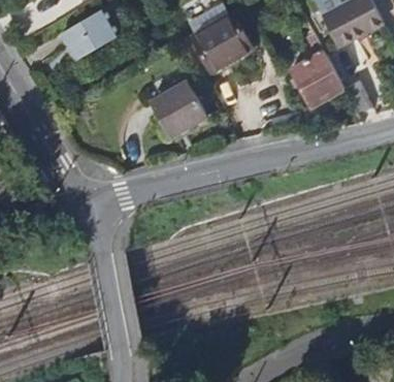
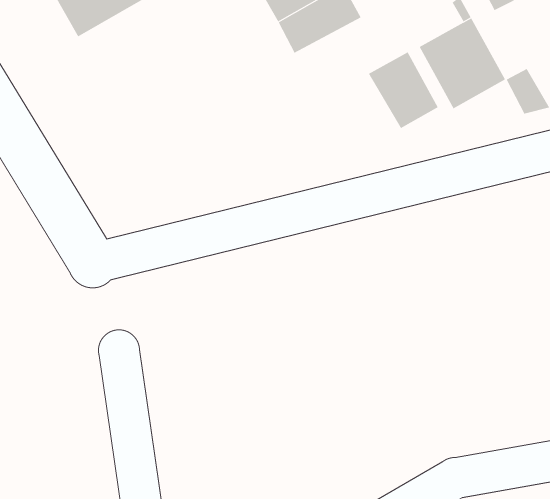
building: none -> [368,52,439,129]
building: [147,82,207,140] -> none

